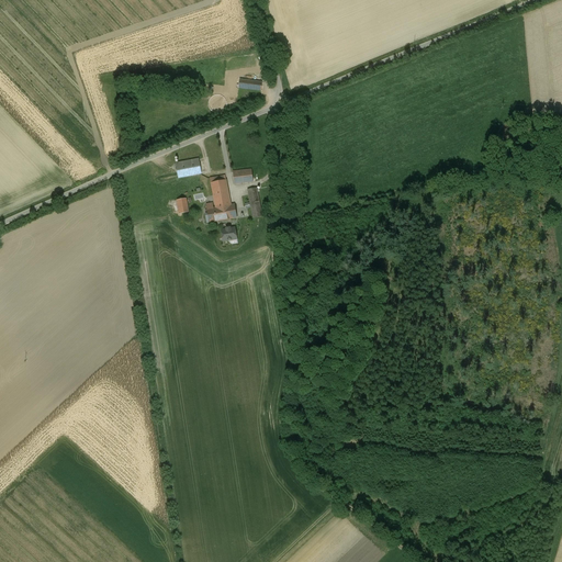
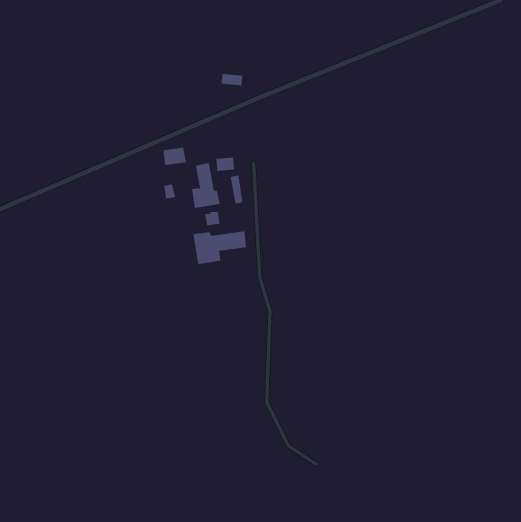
building: none -> [193,231,247,265]

